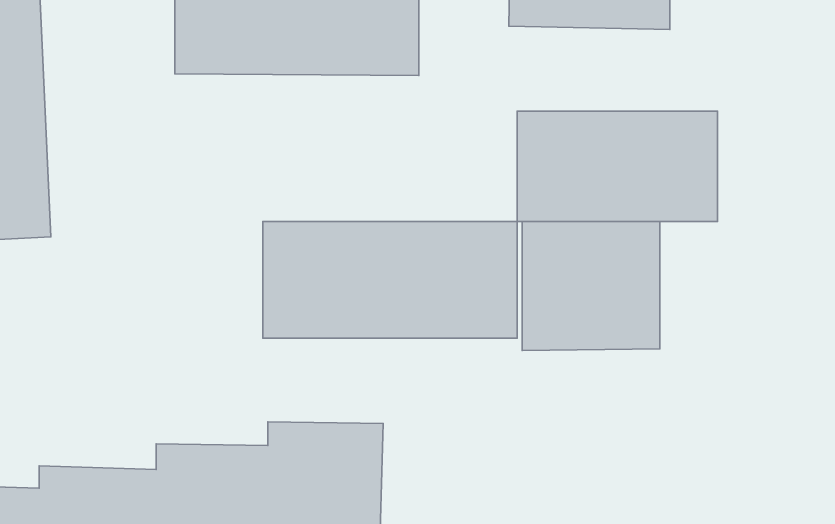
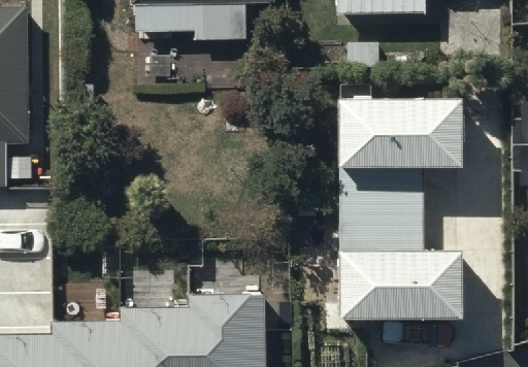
building: [263,221,517,338] -> none
building: none -> [331,225,457,312]

